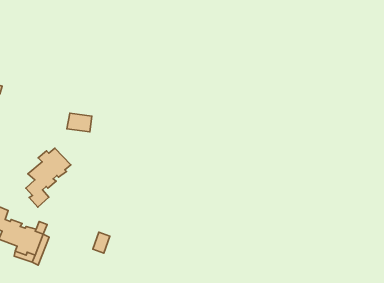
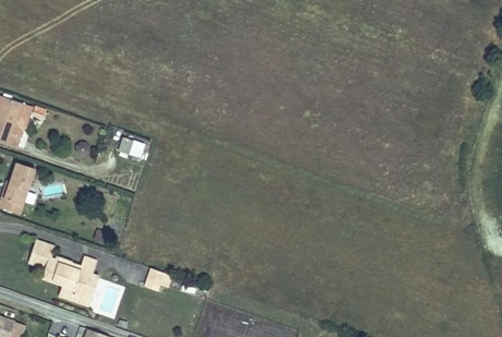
building: [26,148,71,207] -> none

